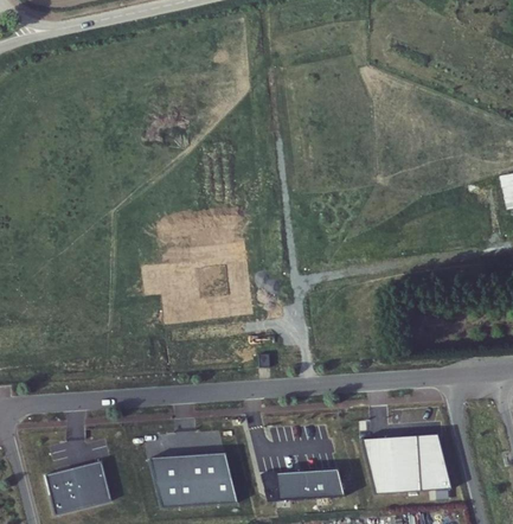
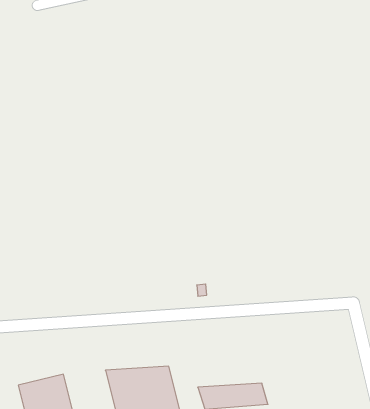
building: [363,434,450,492] -> none

